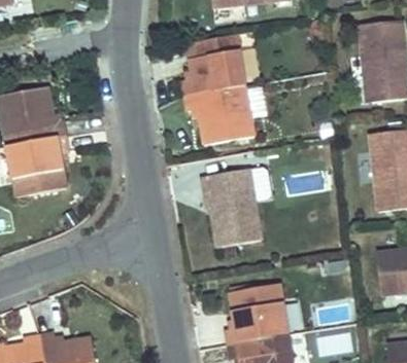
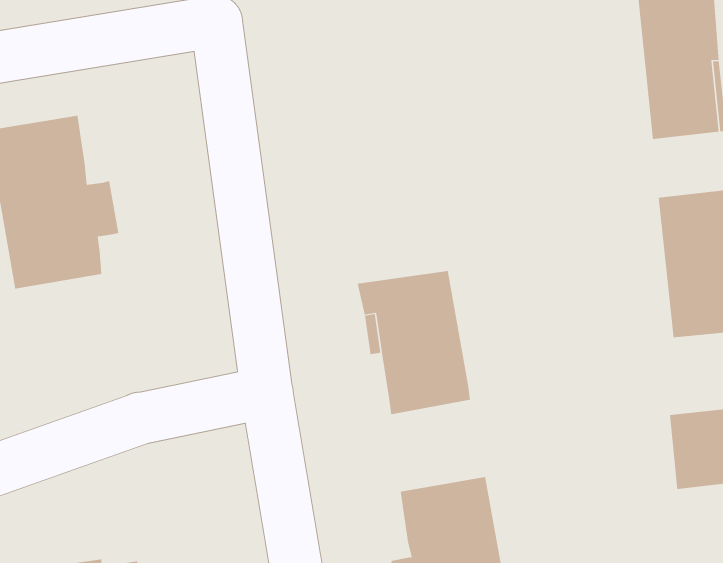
building: [183,32,255,142] -> none

